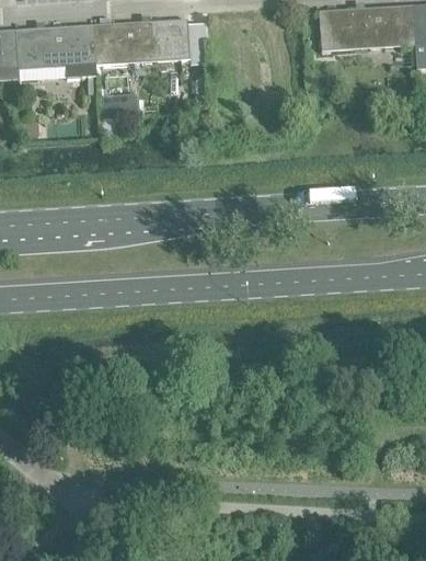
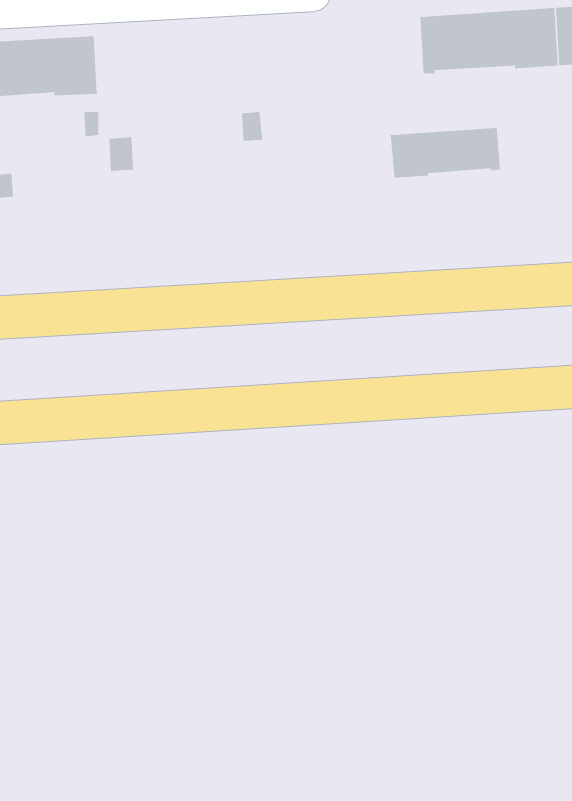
building: [93,20,189,66] -> none
building: none -> [390,127,501,178]

